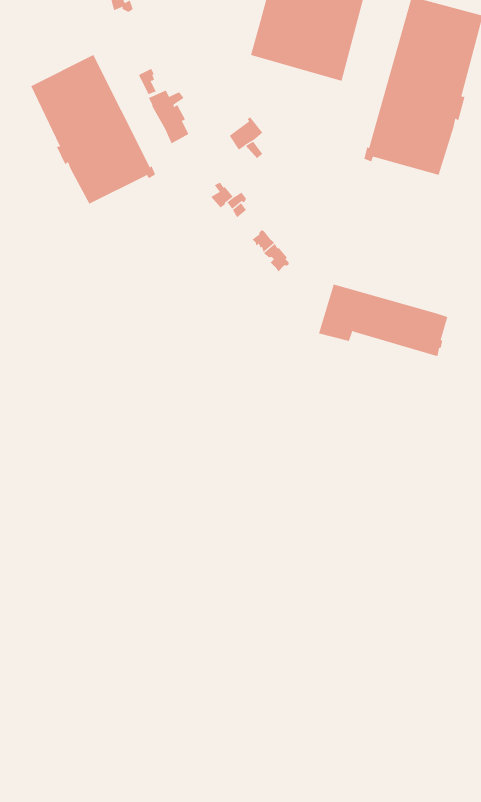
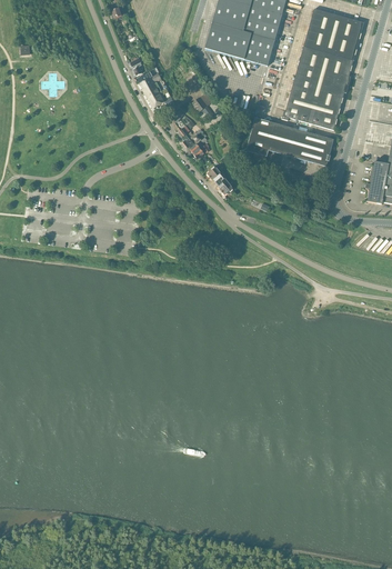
building: [30,54,156,204] -> none
building: [318,284,448,356] -> [245,117,333,166]

